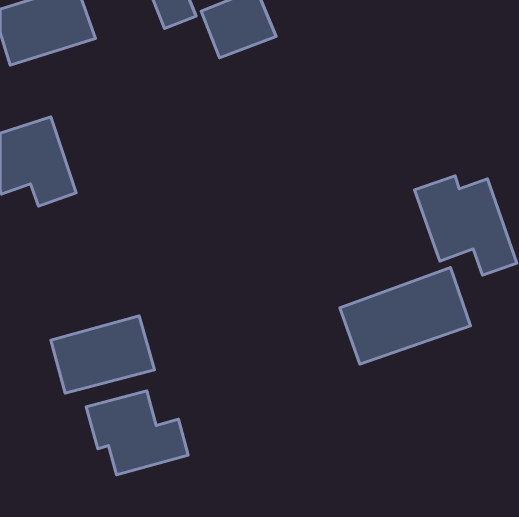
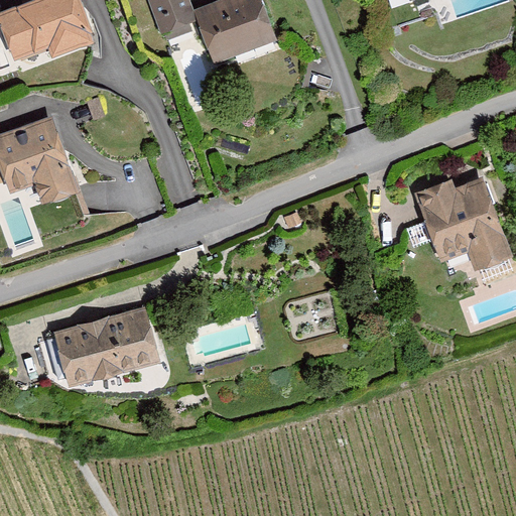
building: [340,267,470,364] -> none
building: [86,391,188,475] -> none

